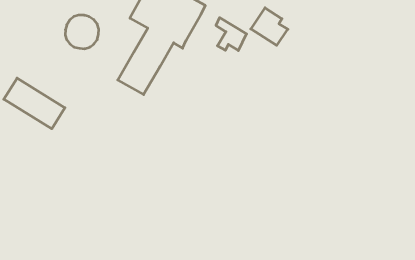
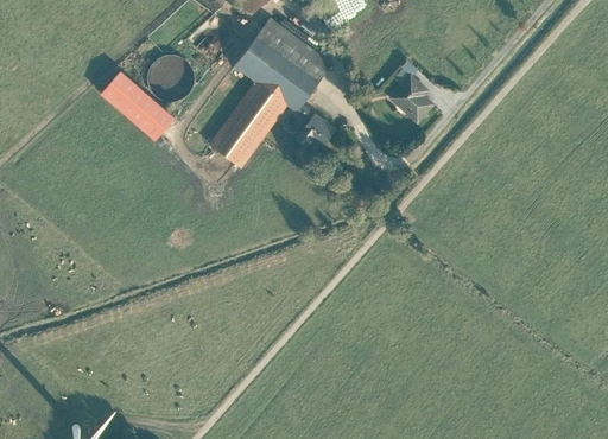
building: [216,18,247,51] -> [296,103,335,148]
building: [4,78,65,129] -> [99,71,176,141]

